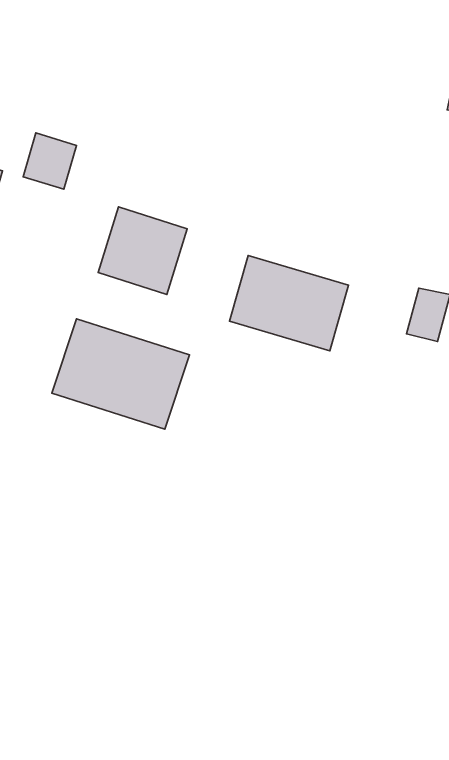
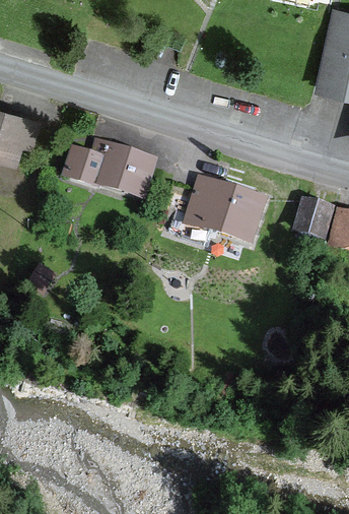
building: [23,133,76,189] -> [65,148,99,185]
building: [52,319,189,429] -> none

